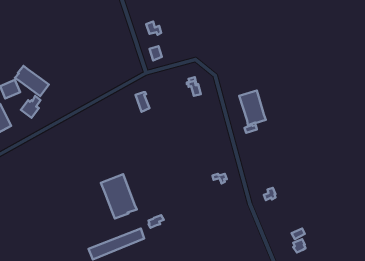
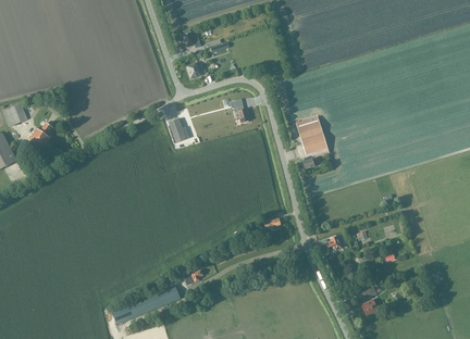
building: [15,66,49,96] -> none
building: [101,174,137,218] -> none

